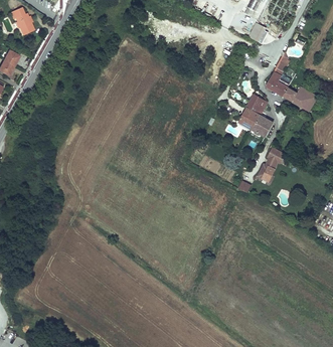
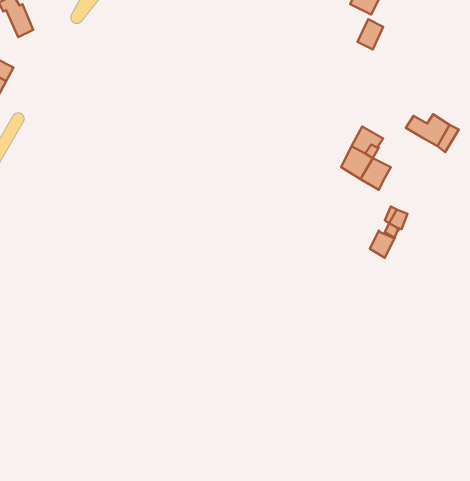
building: [266,52,287,96] -> none

